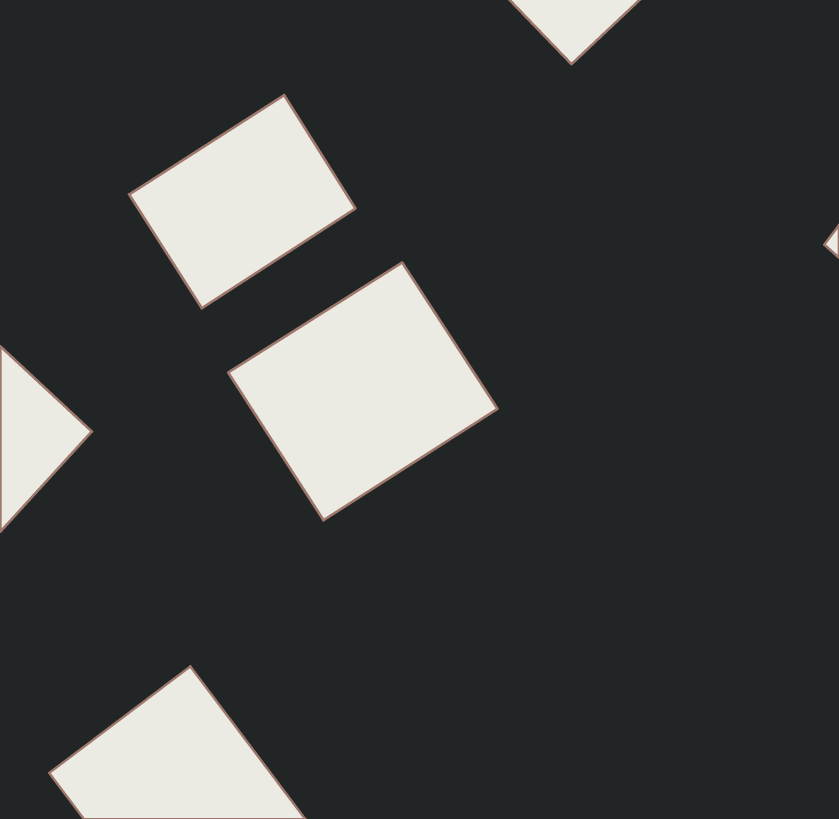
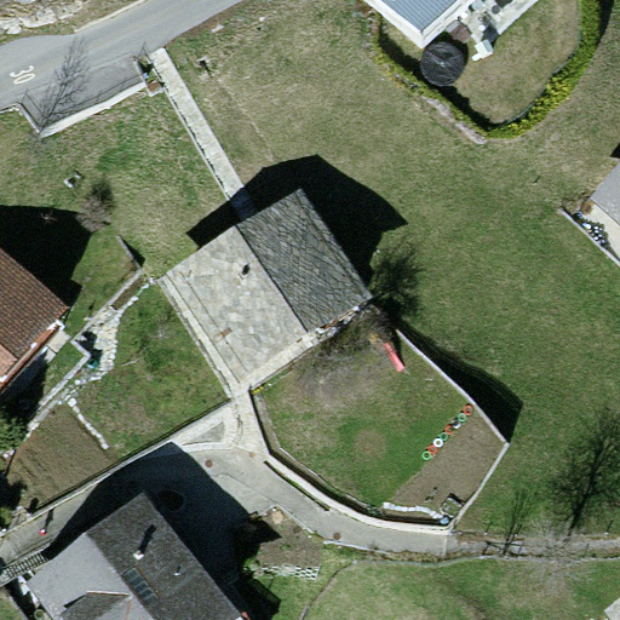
building: [129,95,355,308] -> none

